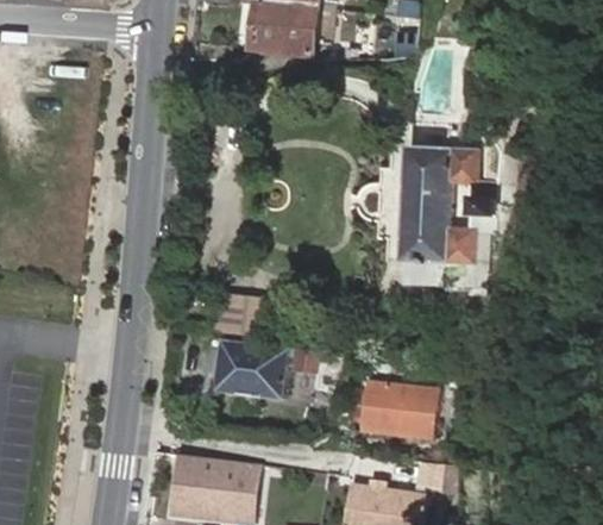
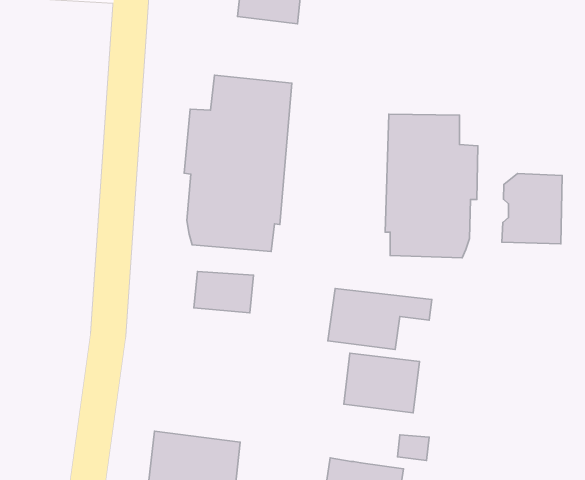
building: none -> [184,75,292,251]
building: none -> [502,174,562,244]
building: [215,340,316,400] -> [328,289,432,349]

